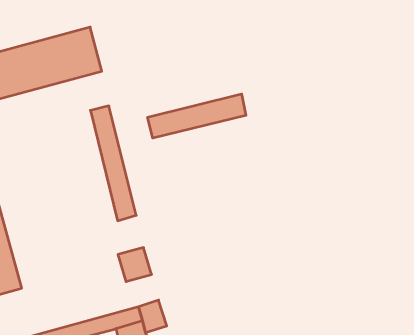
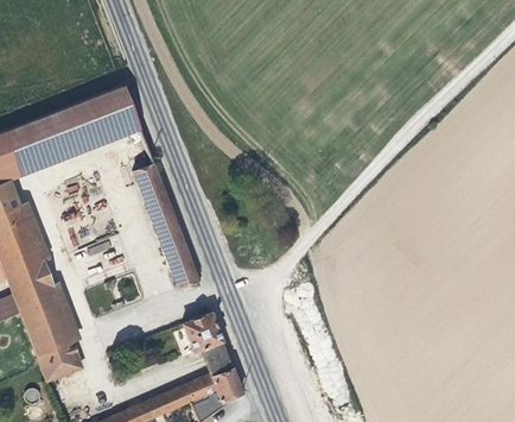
building: [148,94,246,138] -> none
building: none -> [201,338,231,373]

